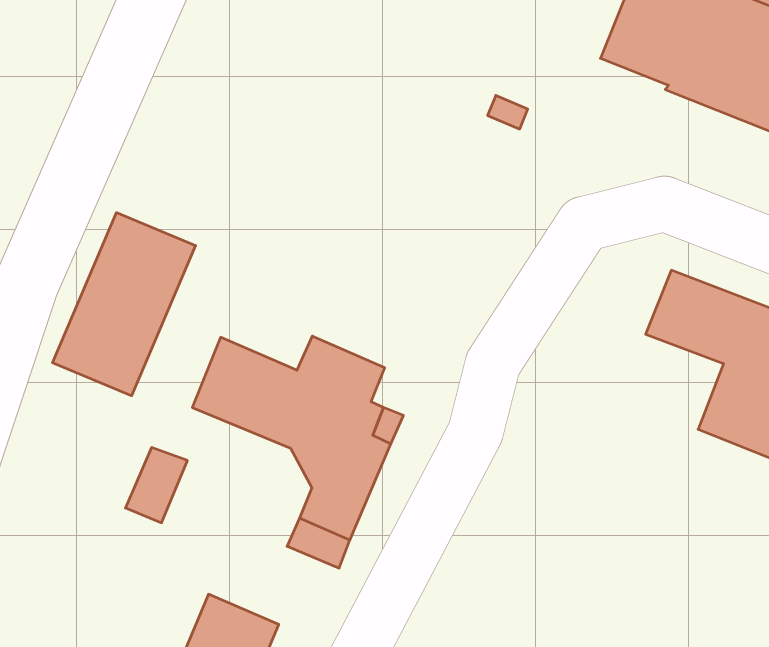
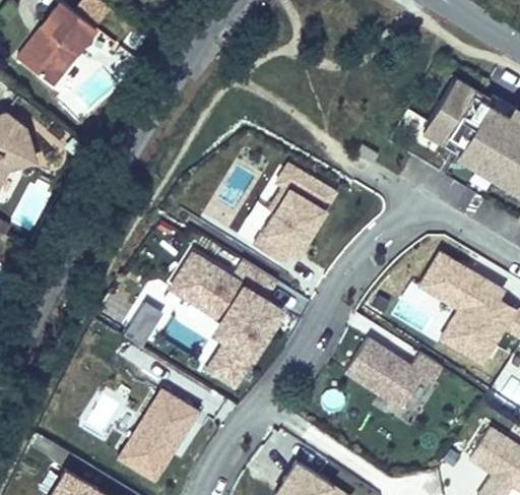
building: none -> [252,163,338,264]
building: [53,213,196,396] -> none
building: none -> [340,333,440,409]

